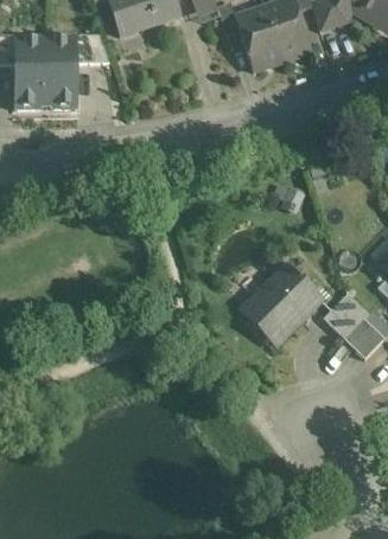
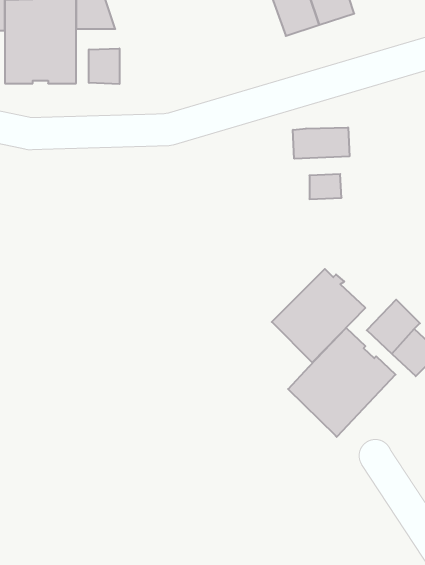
building: none -> [89,48,119,84]
building: none -> [293,127,349,159]
building: none -> [288,328,396,437]

